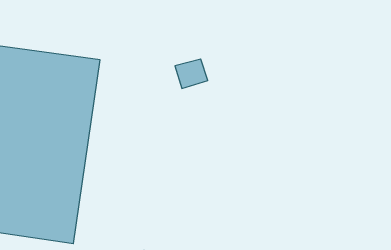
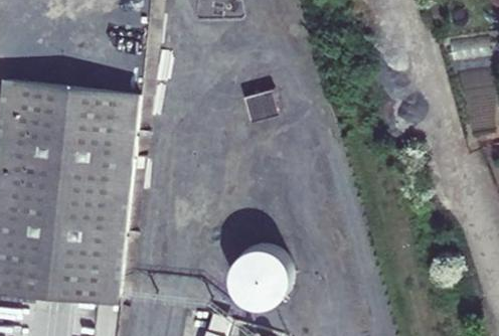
building: none -> [220,250,279,309]

